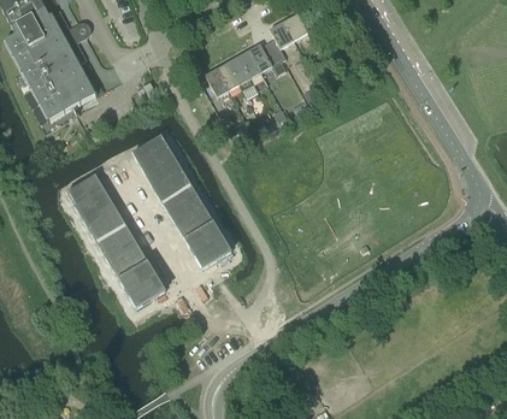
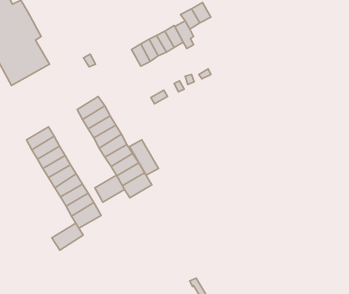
building: none -> [129,140,159,175]
building: none -> [95,175,124,202]
building: none -> [52,223,83,250]

